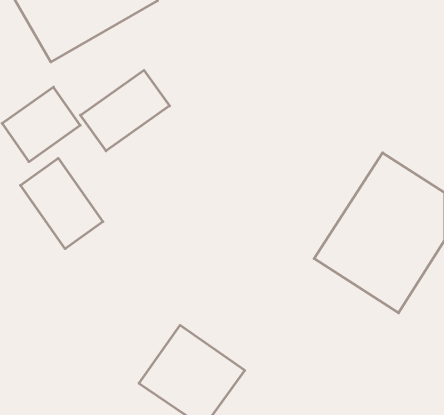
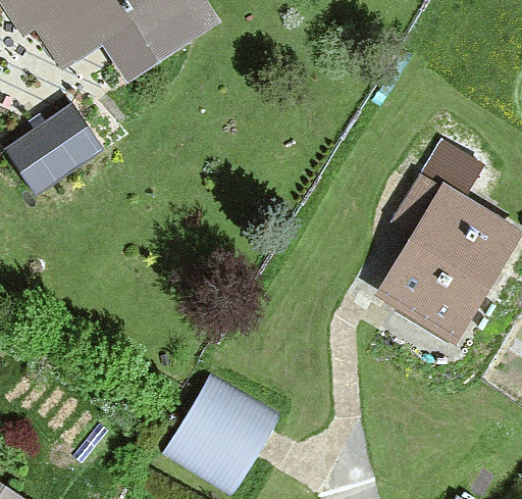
building: [80,70,170,151] -> none
building: [20,158,103,249] -> none

